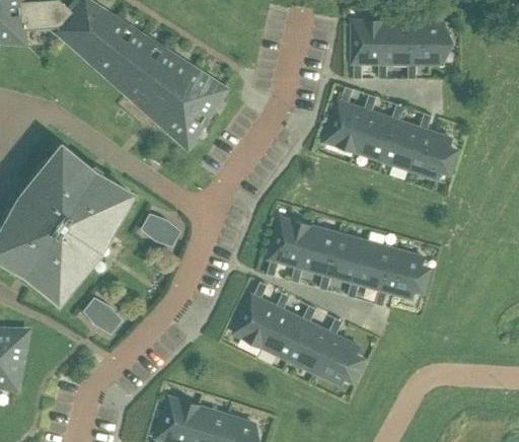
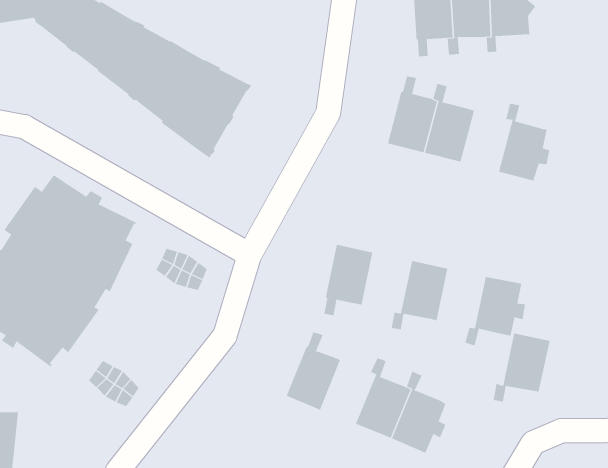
building: [383,106,425,169] -> none
building: [292,226,340,280] -> none
building: [349,242,396,296] -> [493,333,550,402]
building: [262,295,306,359] -> none

